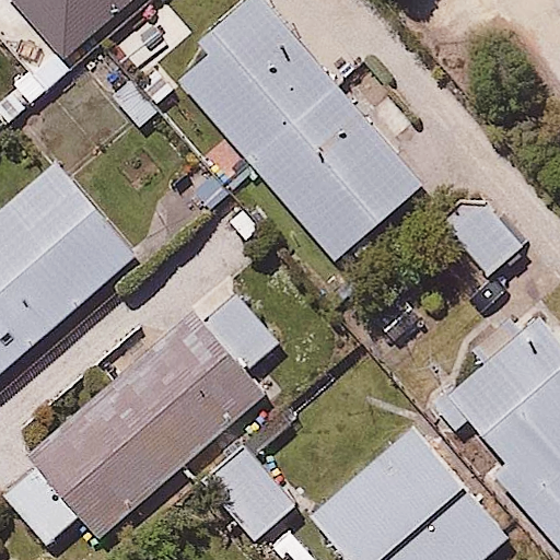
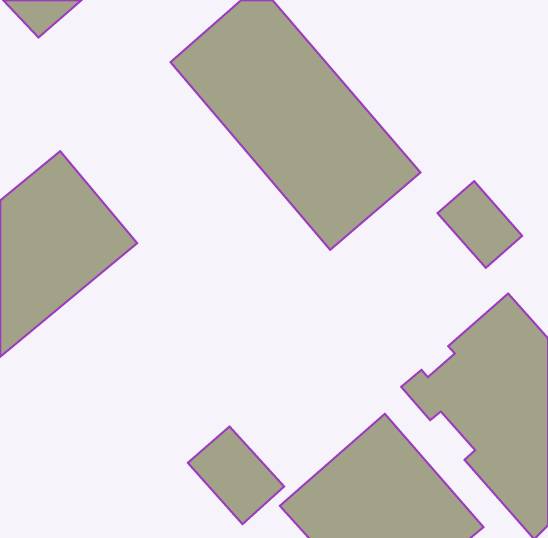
building: [27,313,265,535] -> none

